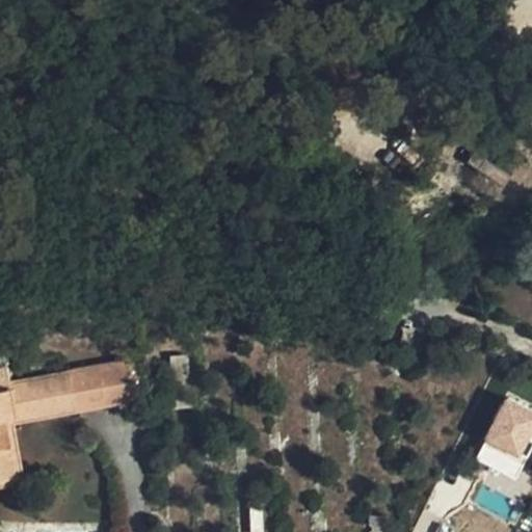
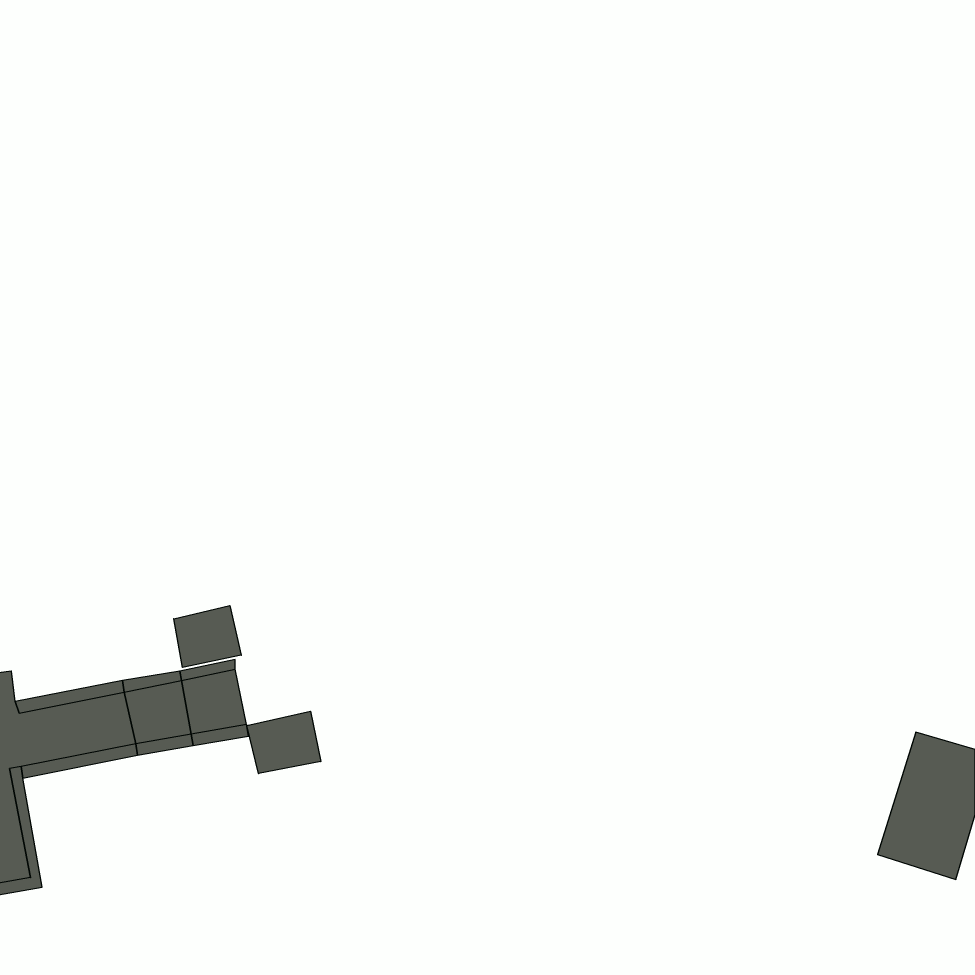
building: none -> [174,606,241,667]
building: none -> [247,711,321,774]

